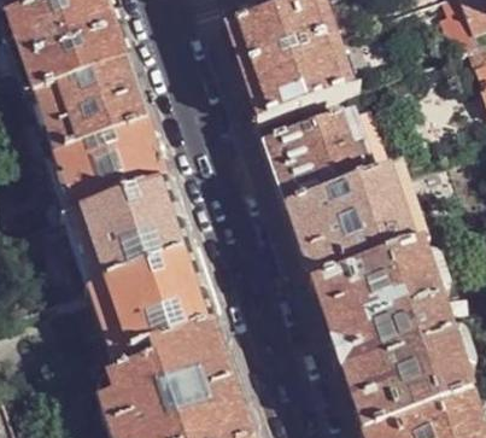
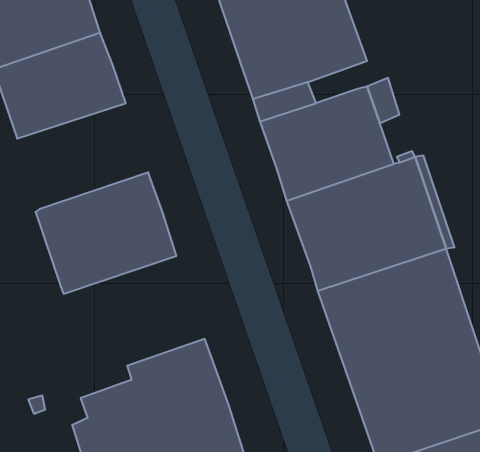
building: [52,118,165,209] -> none
building: [93,249,213,352] -> none

